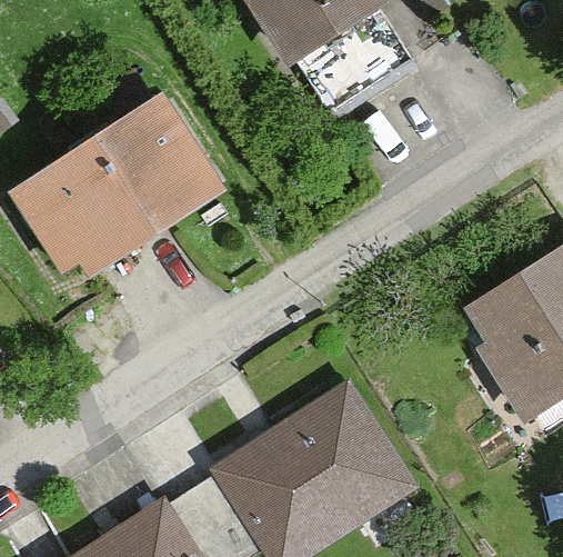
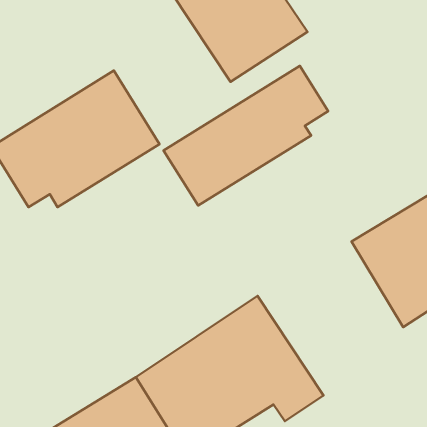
building: none -> [164,66,328,206]

